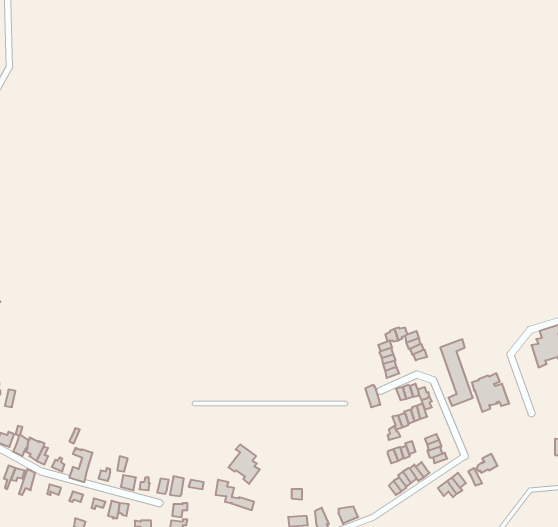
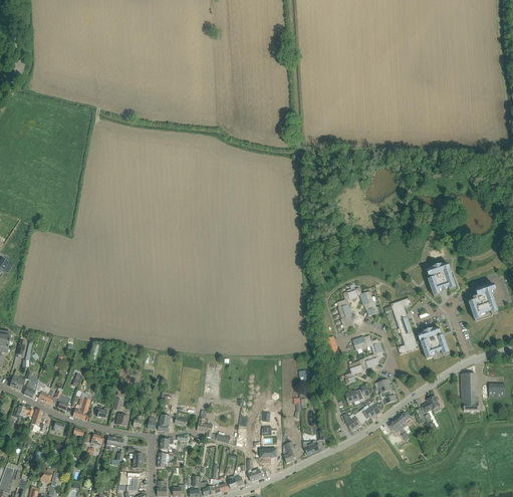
building: none -> [426,262,456,296]
building: none -> [460,372,478,410]
building: [228,444,260,484] -> none

